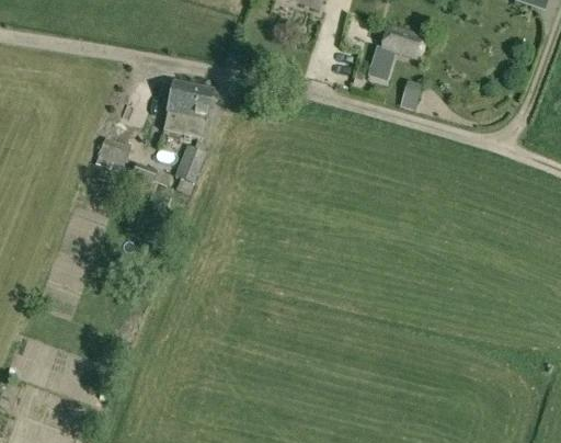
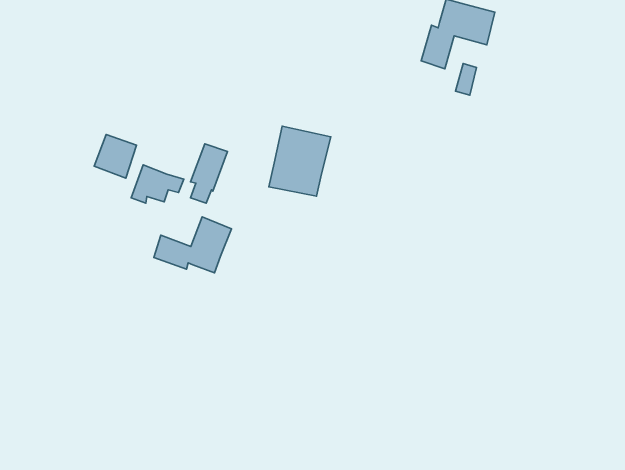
building: [162,81,214,139] -> [269,126,331,196]
building: none -> [154,217,231,273]

